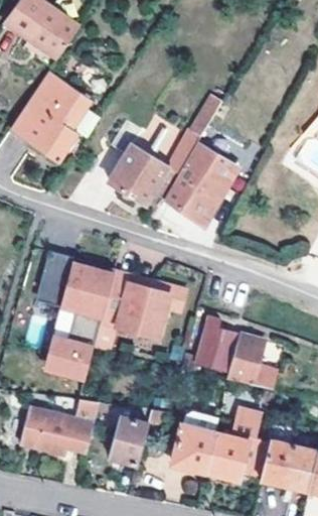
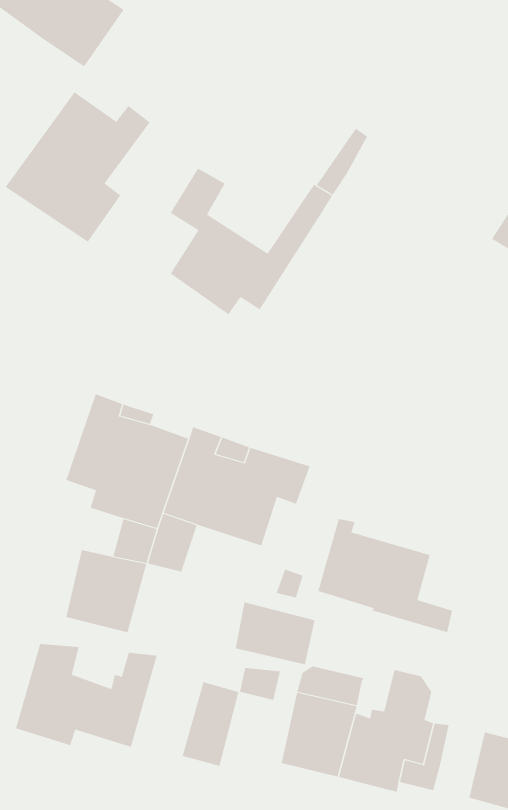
building: [159,142,236,227] -> none
building: none -> [235,601,315,665]
building: [260,423,293,484] -> none

